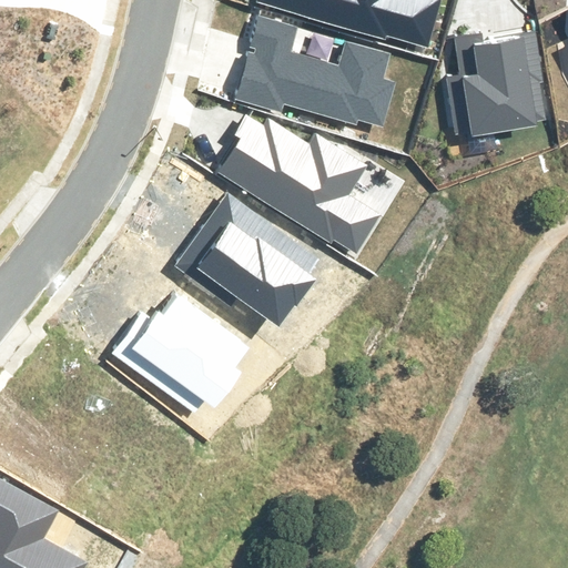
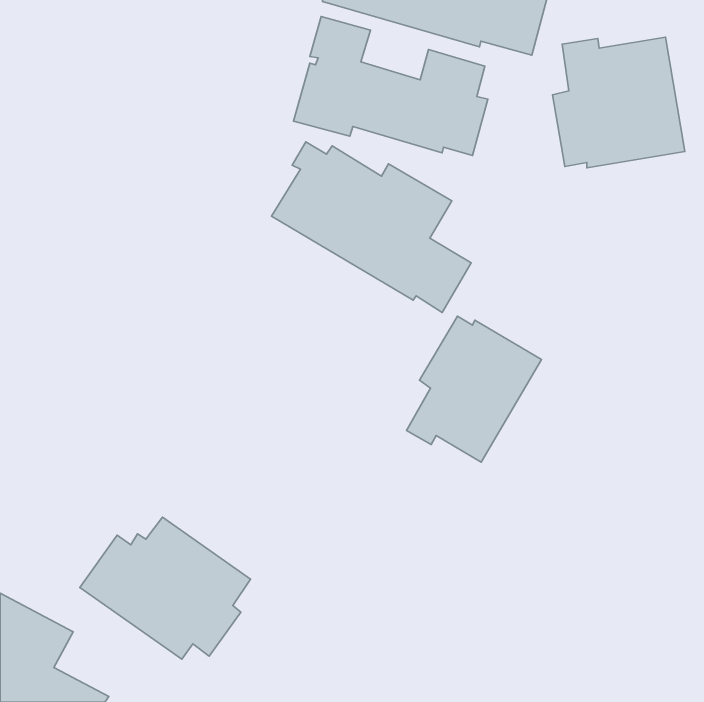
building: [174,194,318,324] -> none
building: none -> [406,316,542,462]
building: [112,295,250,409] -> [80,517,251,659]

